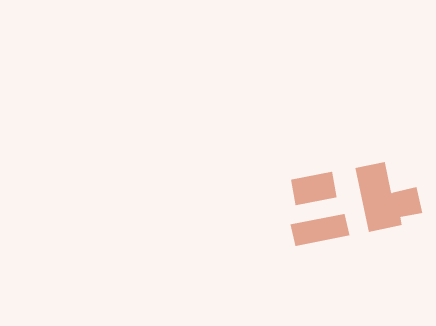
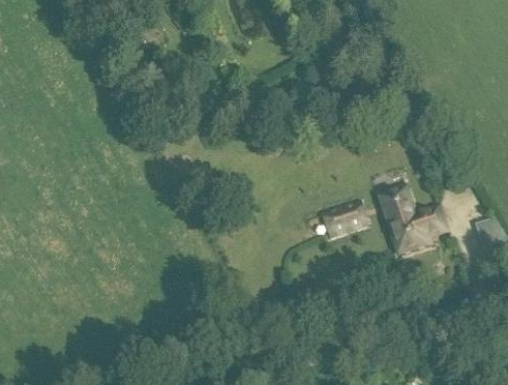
building: [290,213,350,247] -> none

